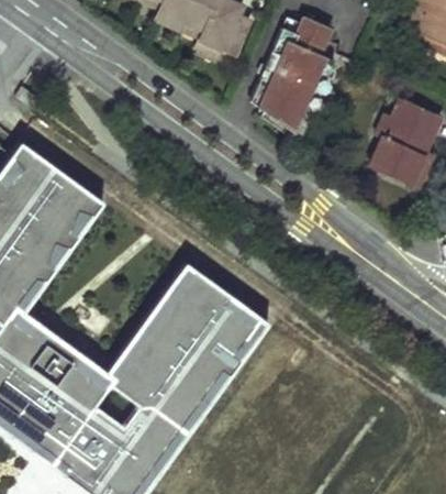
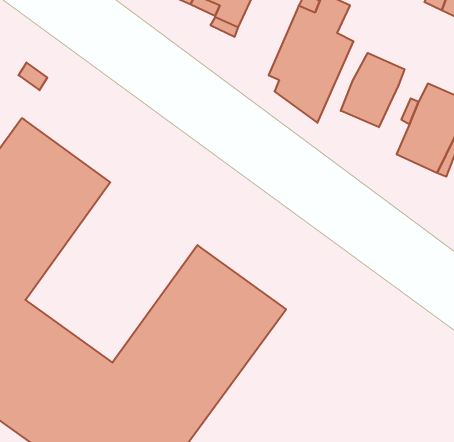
building: none -> [341,53,404,127]

